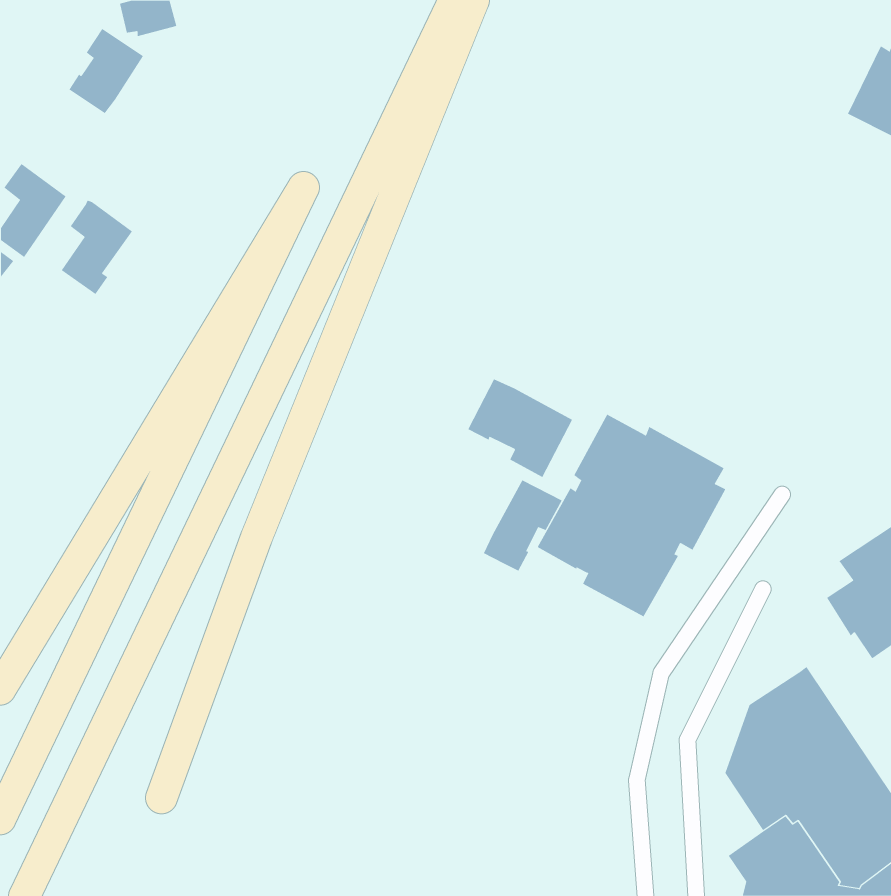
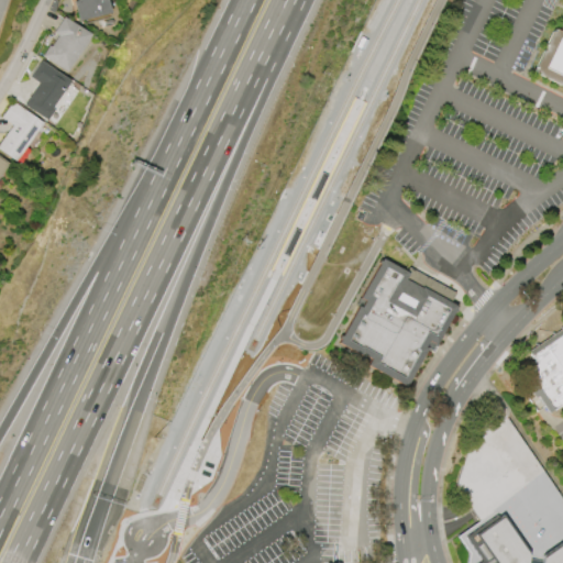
building: [61,200,133,295] -> [27,62,73,121]
building: [467,379,573,478] -> none
building: [483,479,563,572] -> none

